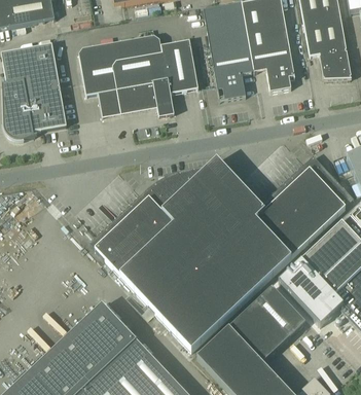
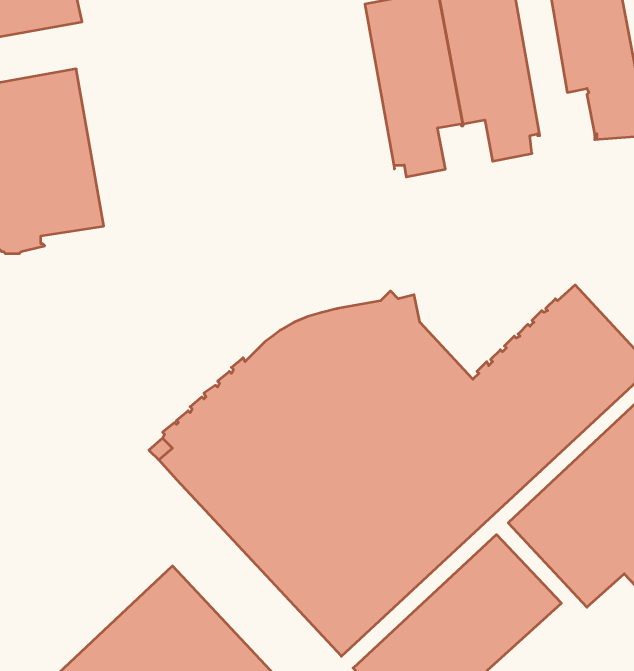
building: [78,35,197,115] -> none

